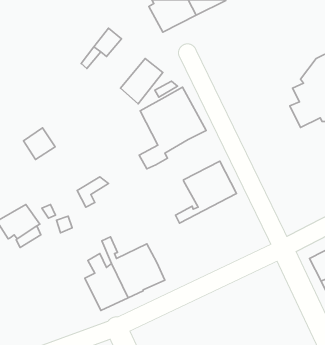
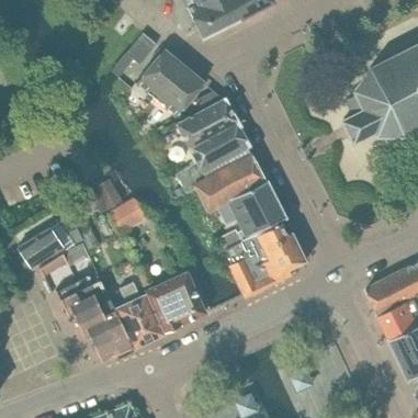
building: none -> [135,49,182,99]
building: [24,128,55,160] -> [89,177,124,212]
building: none -> [194,154,266,211]
building: none -> [221,216,306,294]
building: none -> [55,274,133,362]

